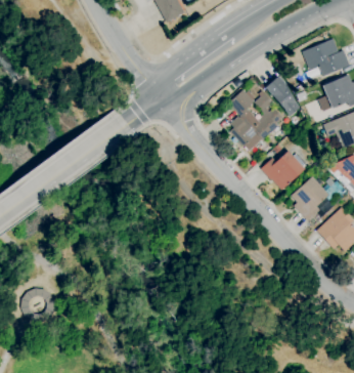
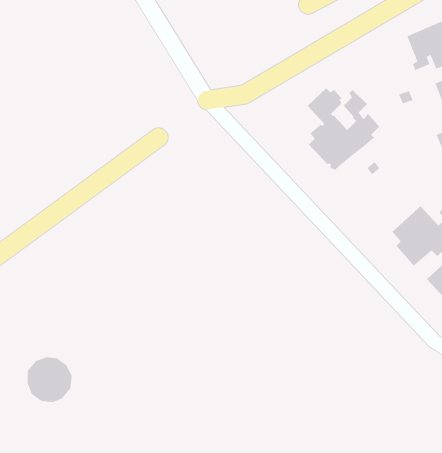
building: [265,76,299,116] -> none
building: [261,151,306,190] -> none

